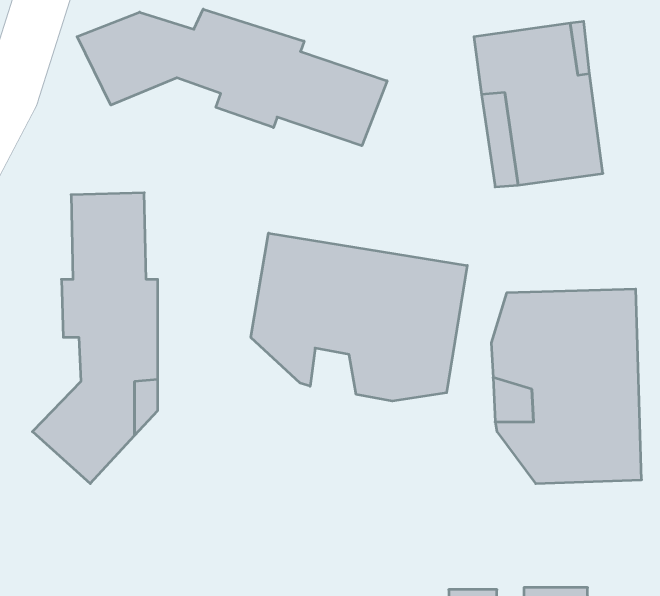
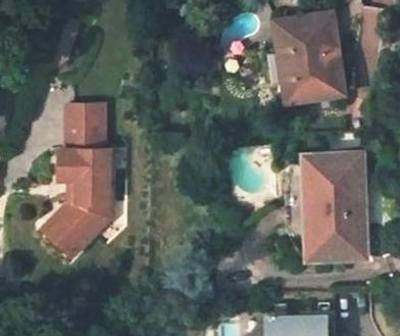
building: [77,9,387,146] -> none
building: [251,233,467,401] -> none

